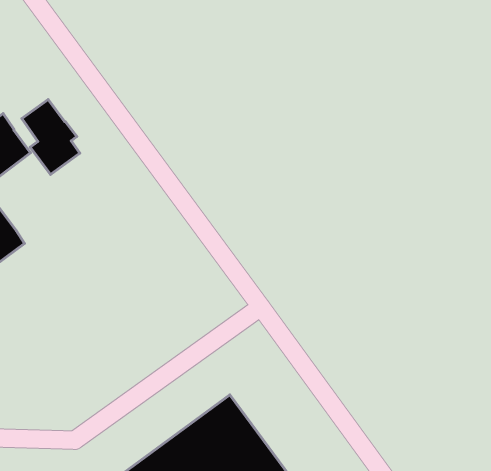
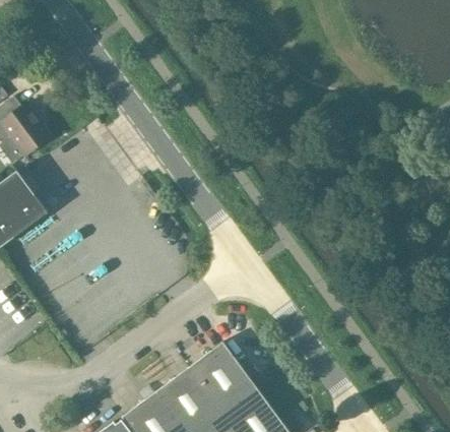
building: [22,99,80,175] -> none

